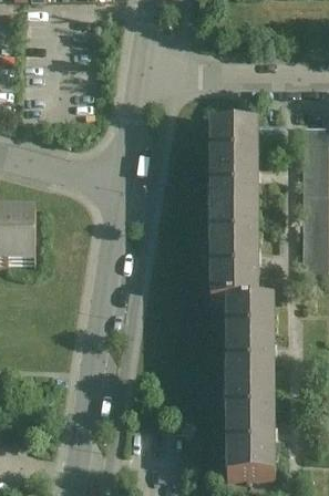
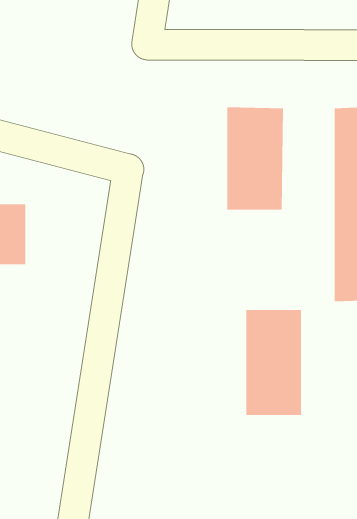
building: [208,207,258,293] -> none
building: [225,385,274,468] -> none

